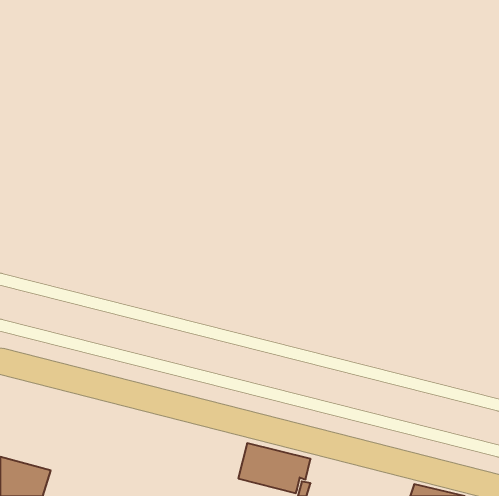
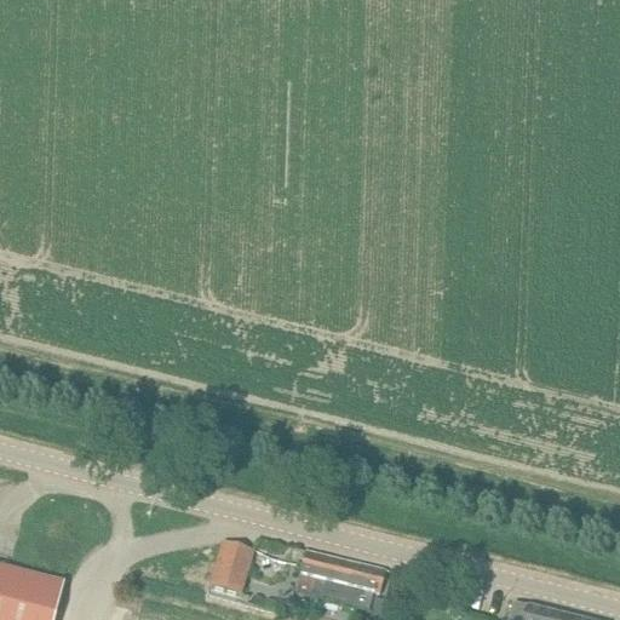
building: none -> [208,541,252,596]

